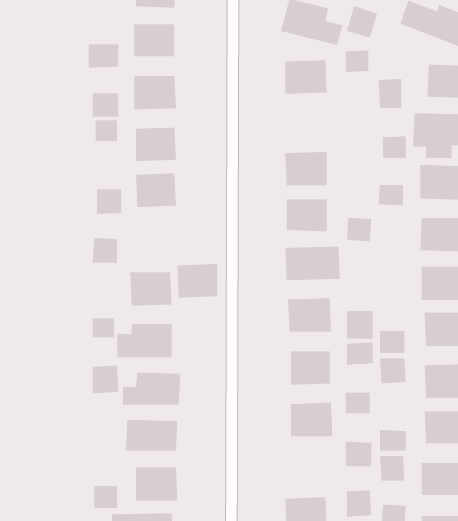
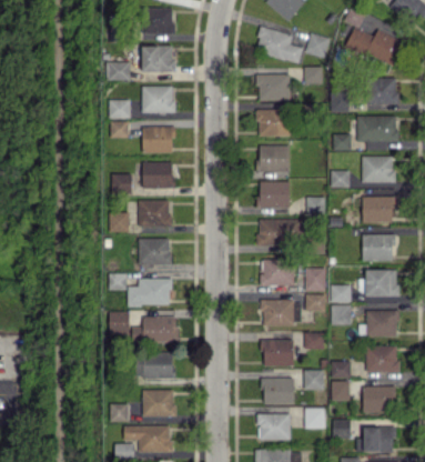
building: none -> [257,110,289,137]
building: [177,264,218,298] -> [138,200,170,227]
building: none -> [262,378,295,404]

